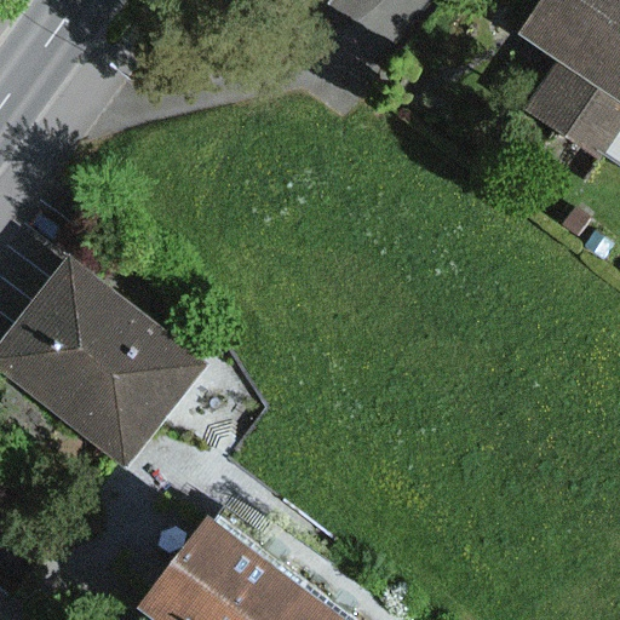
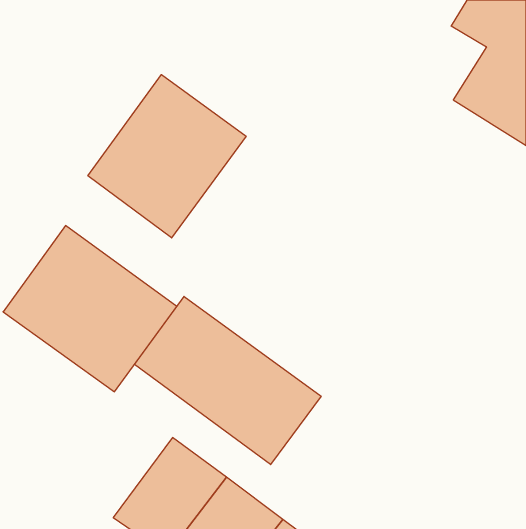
building: none -> [88,75,246,238]
building: none -> [135,296,321,465]

